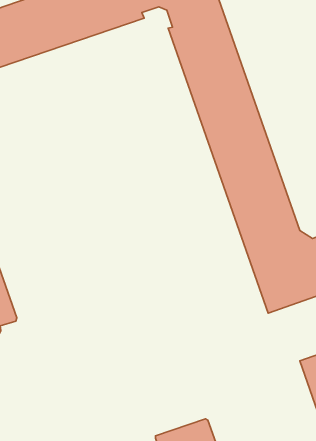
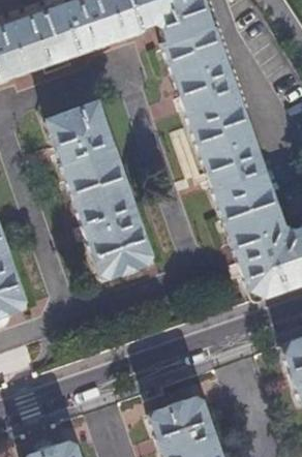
building: none -> [49,104,152,280]

